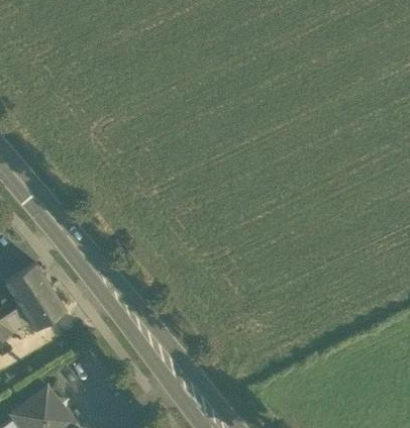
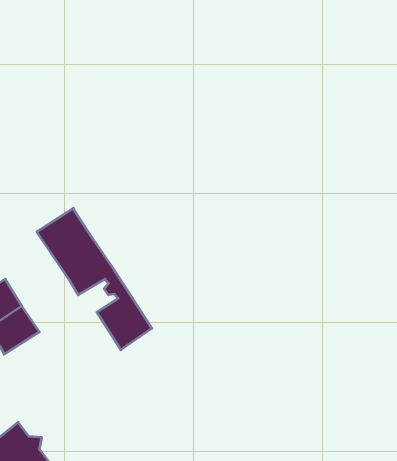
building: none -> [37,208,152,350]

